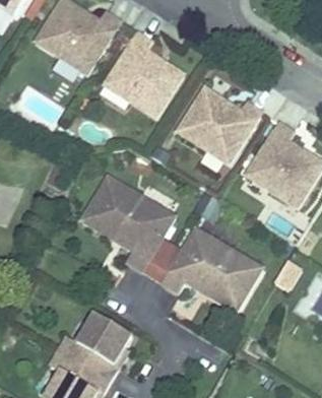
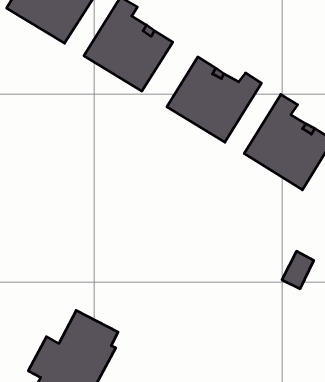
building: [90,182,177,272] -> none
building: [165,229,258,310] -> none

